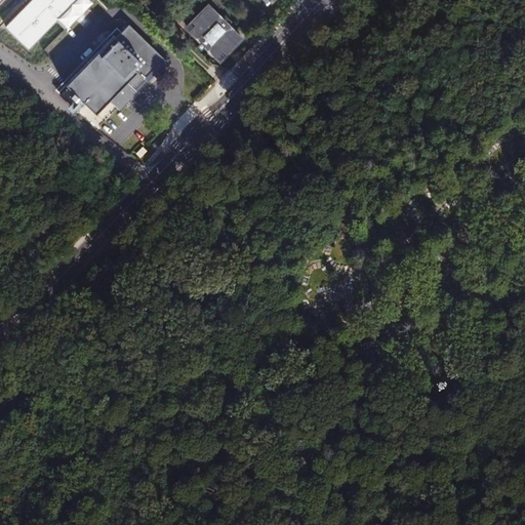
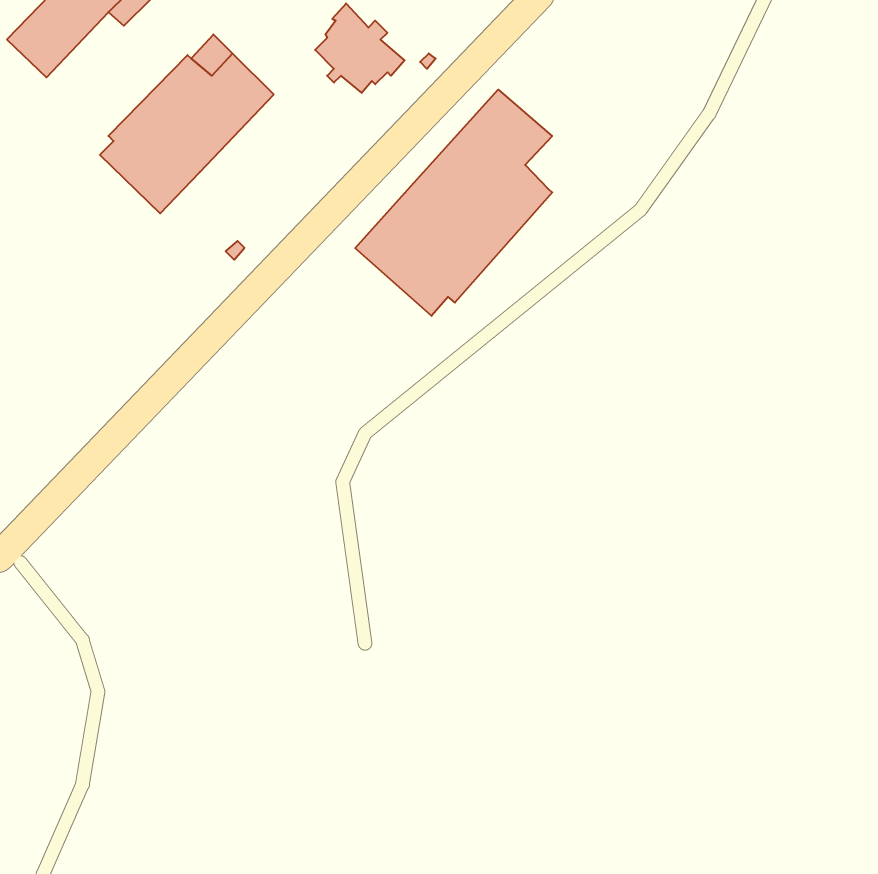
building: none -> [355,90,552,316]

